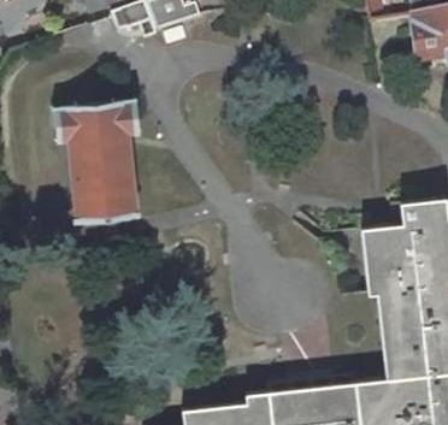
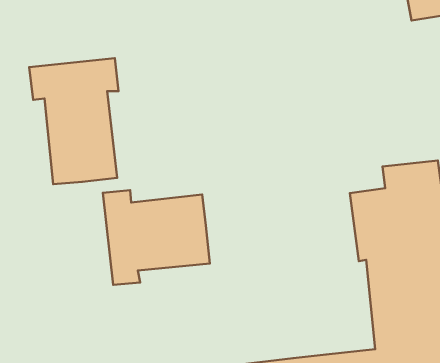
building: none -> [103,190,210,285]

